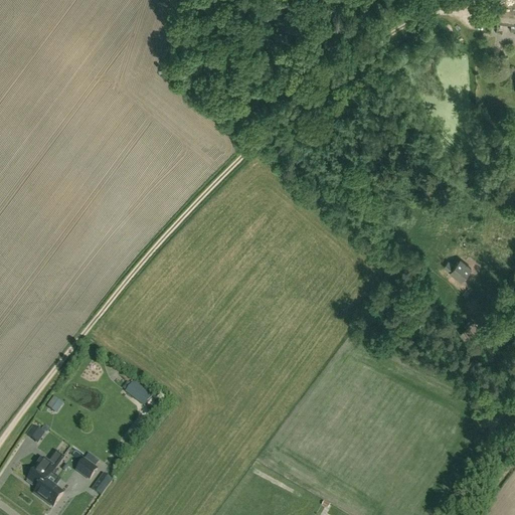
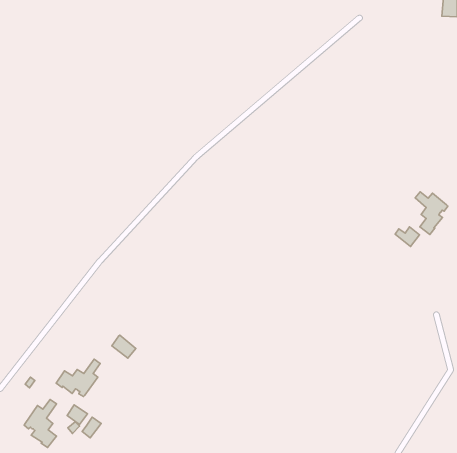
building: none -> [415,192,448,234]
building: none -> [56,359,100,397]

